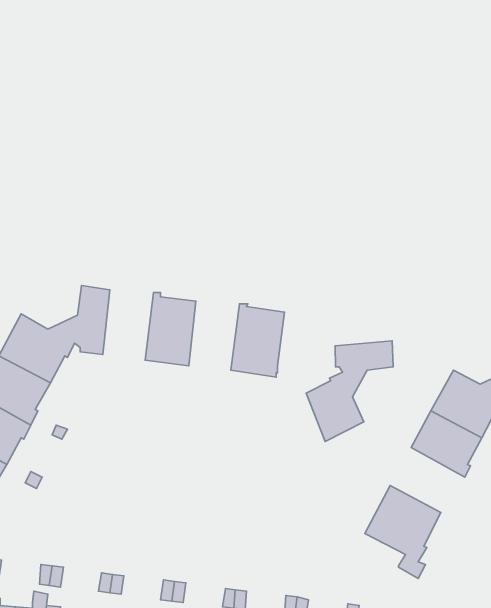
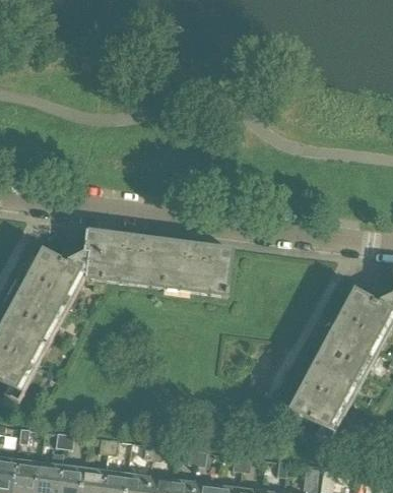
building: none -> [101,235,137,286]
building: none -> [162,243,199,293]
building: [306,341,393,442] -> none
building: none -> [308,349,362,395]

